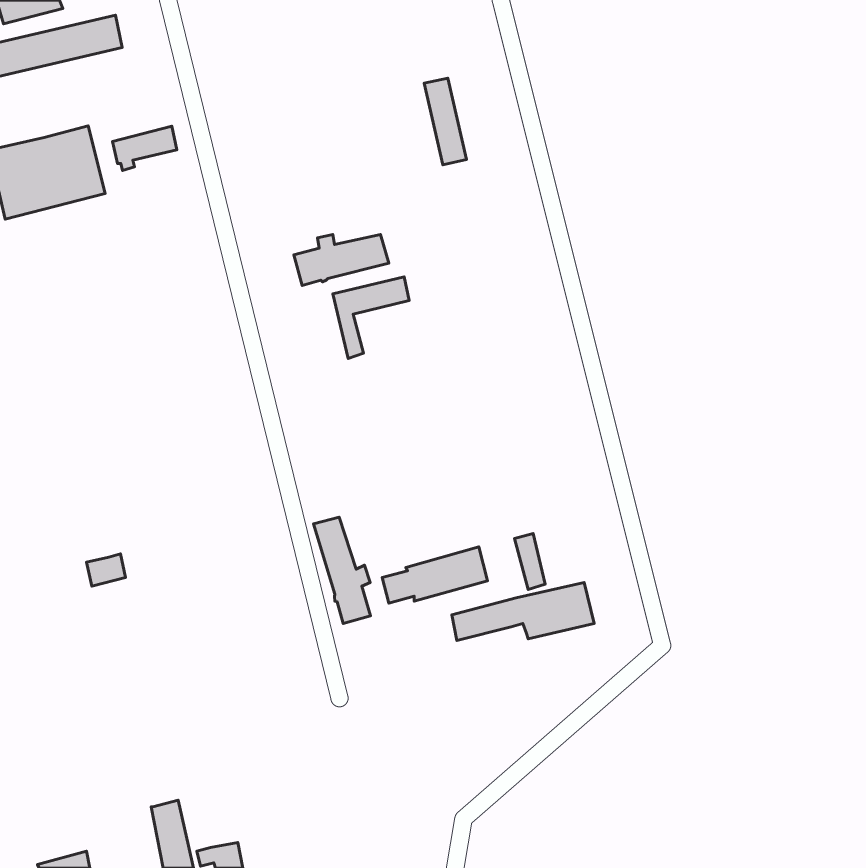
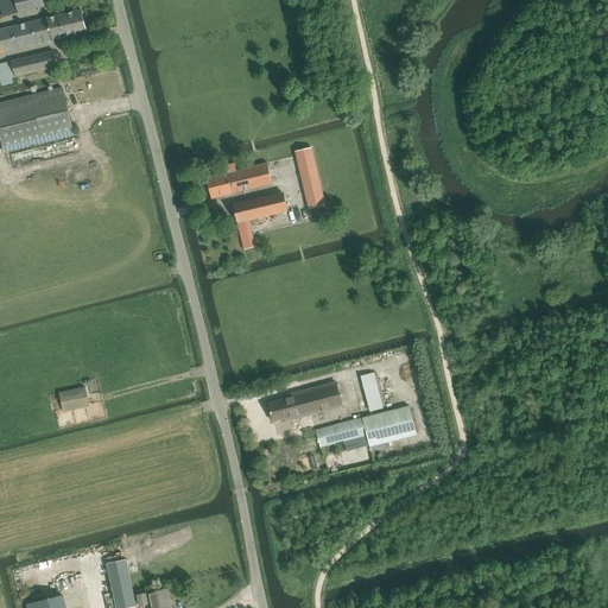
building: [424,78,467,165] -> [294,148,324,209]
building: [112,126,177,170] -> [11,51,56,82]
building: [313,517,370,623] -> none

